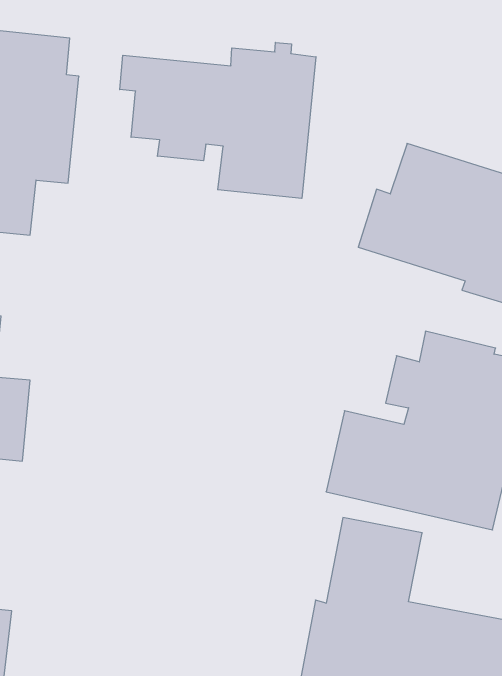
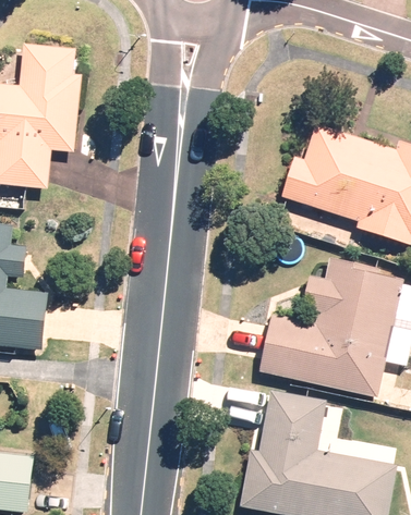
building: [120,42,316,198] -> none

